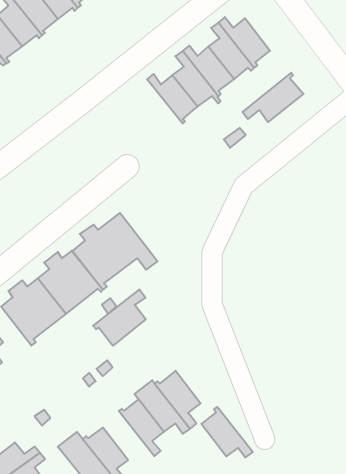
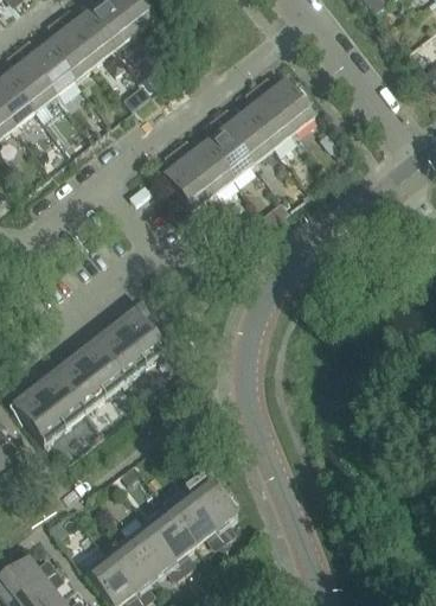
building: [243,73,304,122] -> none
building: none -> [164,148,216,212]
building: [93,289,146,346] -> none
building: [201,407,253,457] -> [126,522,184,579]

